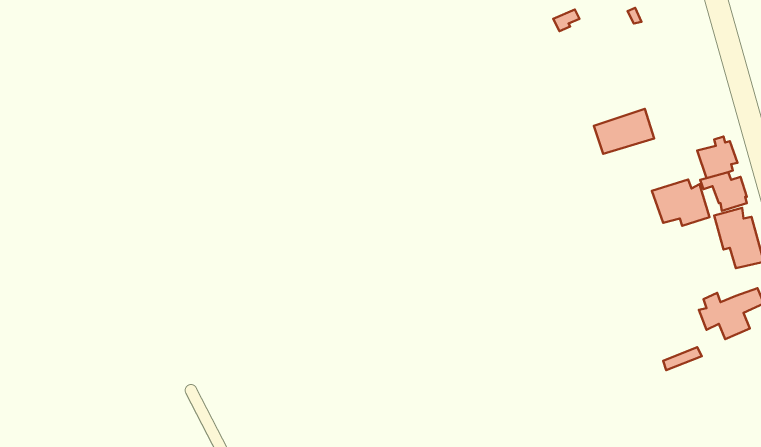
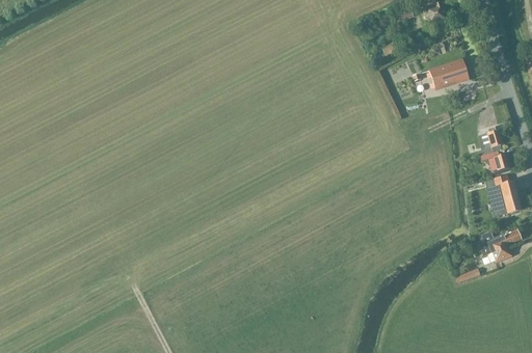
building: [594,109,654,154] -> [428,59,469,89]
building: [652,179,710,226] -> none

